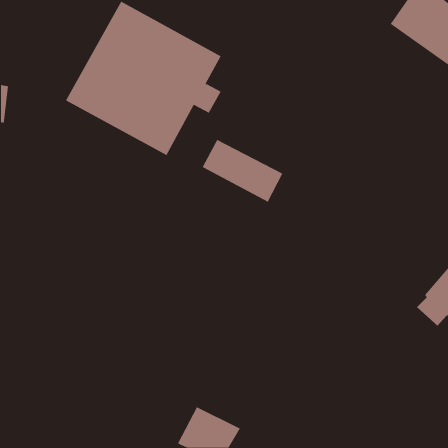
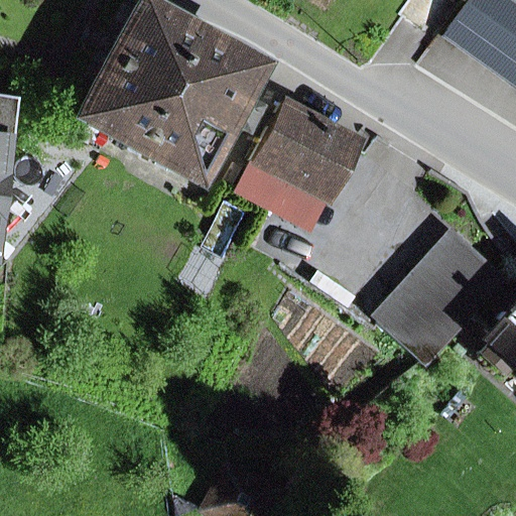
building: none -> [251,102,357,199]
building: none -> [378,234,504,363]

